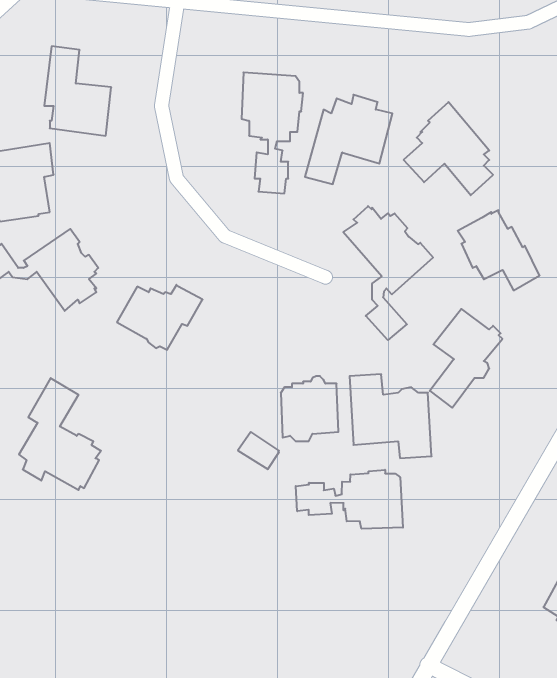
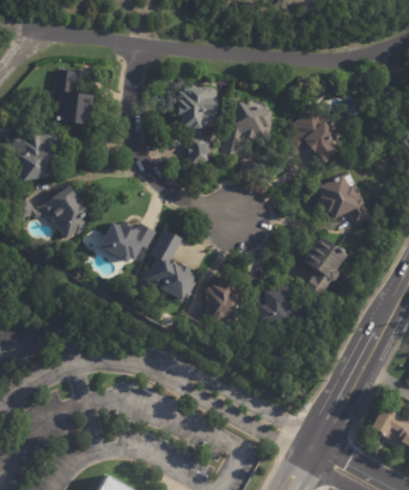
building: [343,206,433,340] -> none
building: [19,378,101,490] -> [145,229,197,301]
building: [296,470,403,529] -> none

